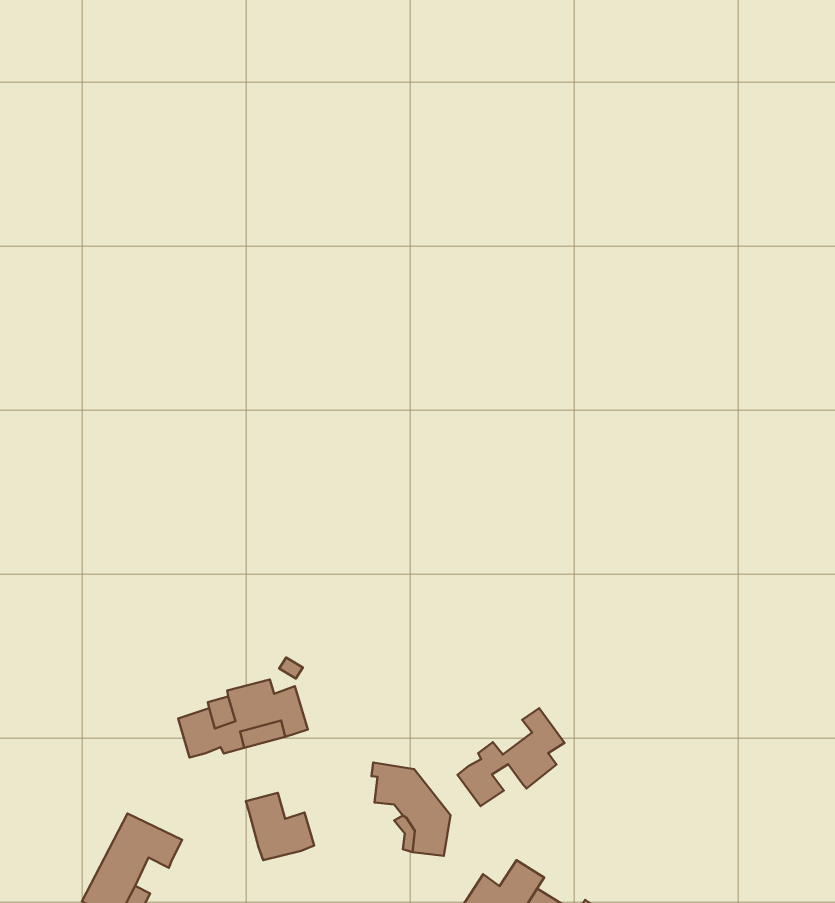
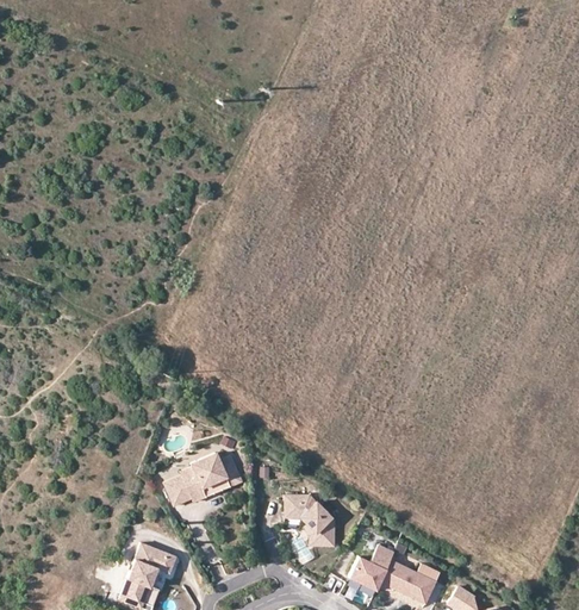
building: [457,708,565,806] -> none
building: [246,793,314,860] -> none

